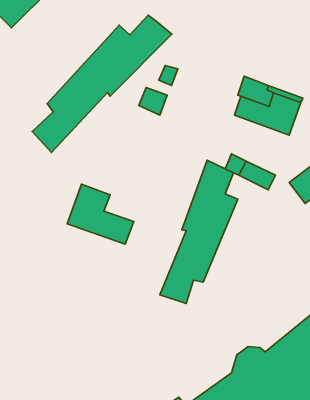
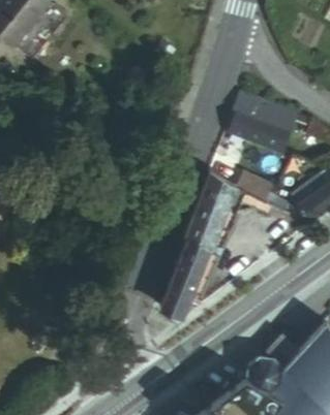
building: [32,15,172,152] -> none
building: [67,184,134,244] -> none

